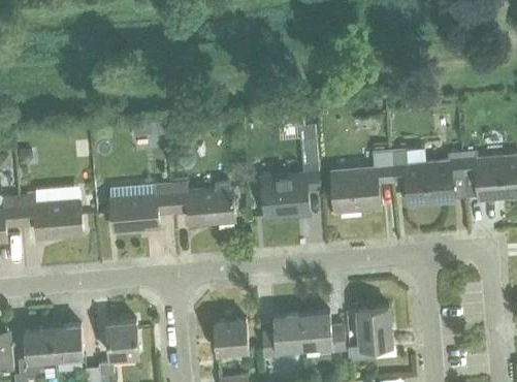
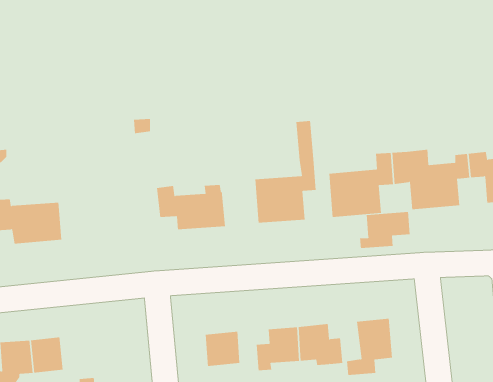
building: [109,186,172,232] -> none
building: none -> [360,211,410,249]
building: [106,322,138,358] -> none

